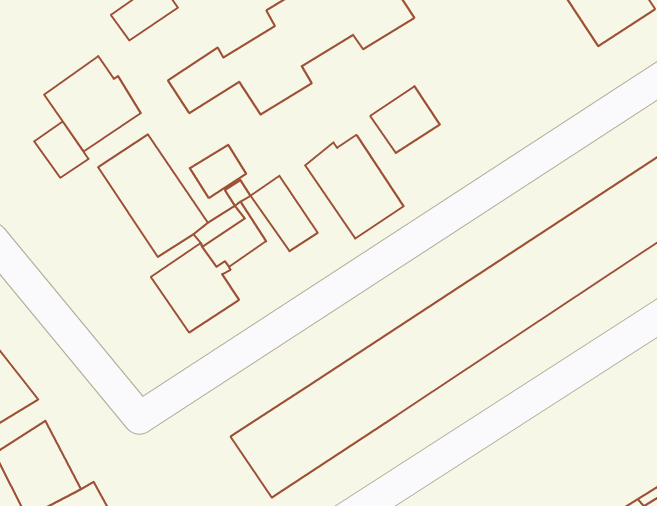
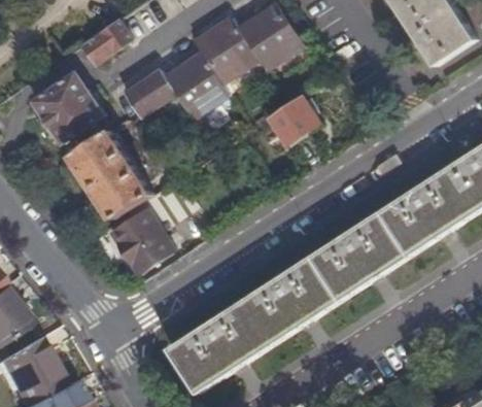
building: [34,121,89,178] -> none
building: [305,135,404,239] -> none
building: [190,145,246,198] -> none
building: [251,176,318,251] -> none

